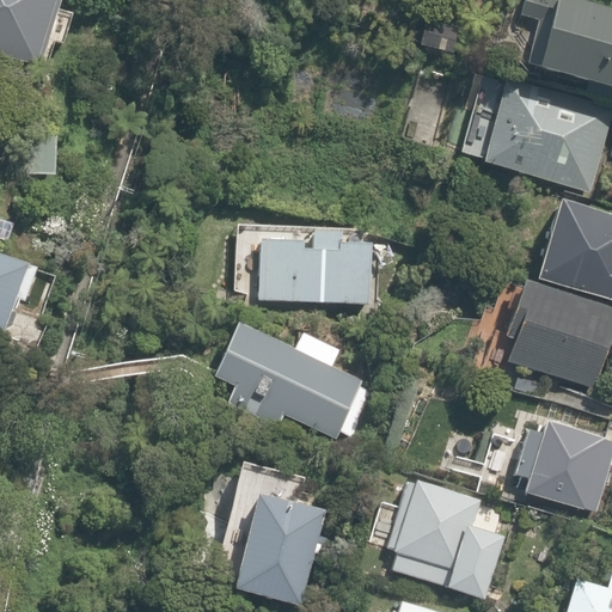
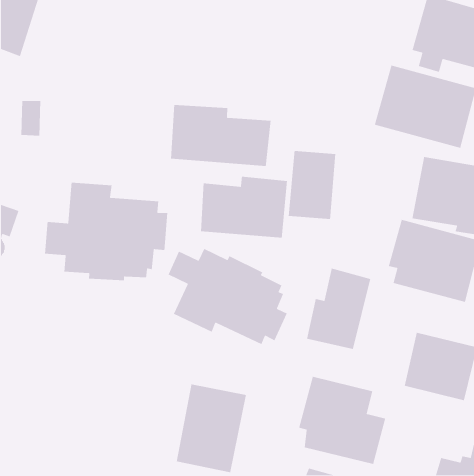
building: none -> [170,104,272,167]
building: none -> [288,150,336,220]
building: none -> [44,182,168,281]
building: none -> [306,268,371,350]

